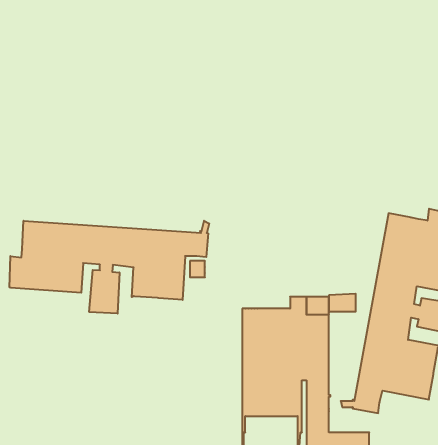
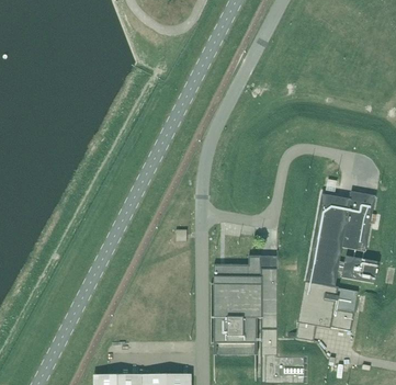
building: [10,221,209,314] -> none

